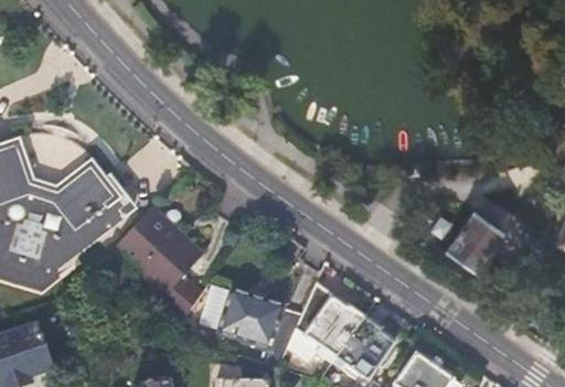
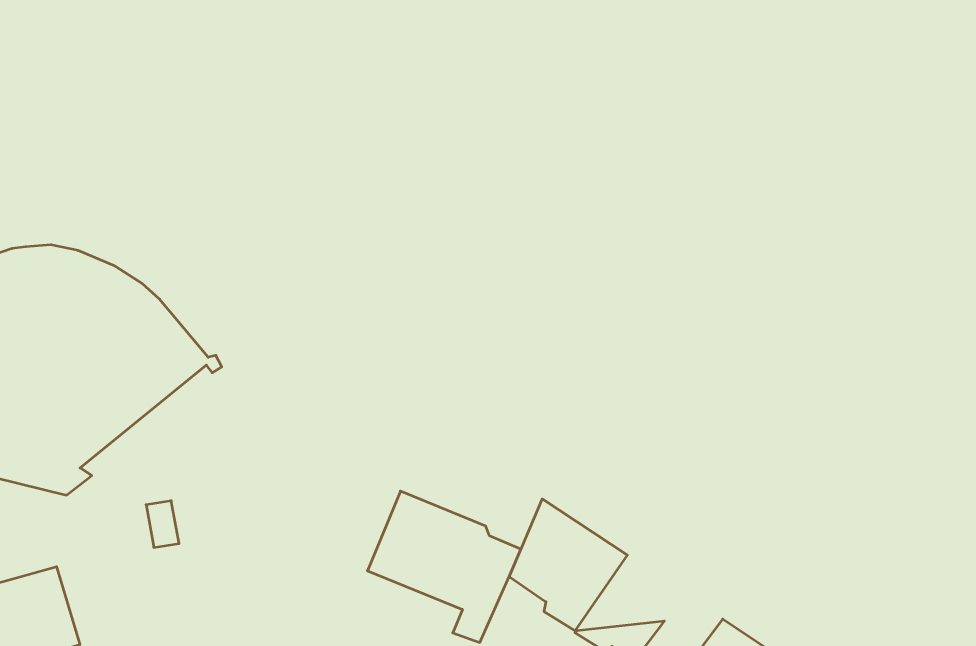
building: [113,206,205,332] -> none
building: [448,209,520,297] -> none
building: [332,318,392,361] -> none

